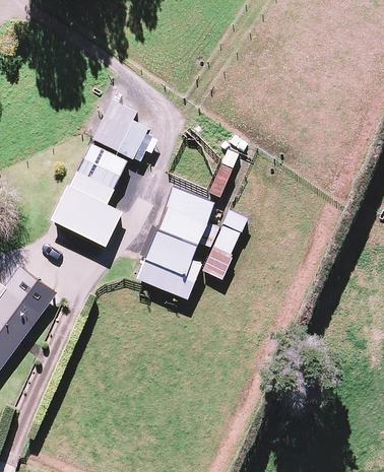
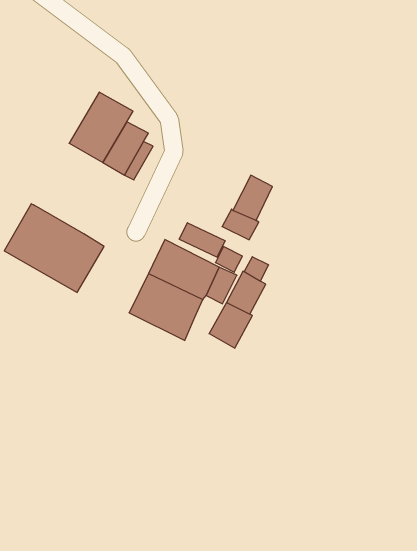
building: [69,141,128,203] -> none
building: [135,258,202,298] -> none

